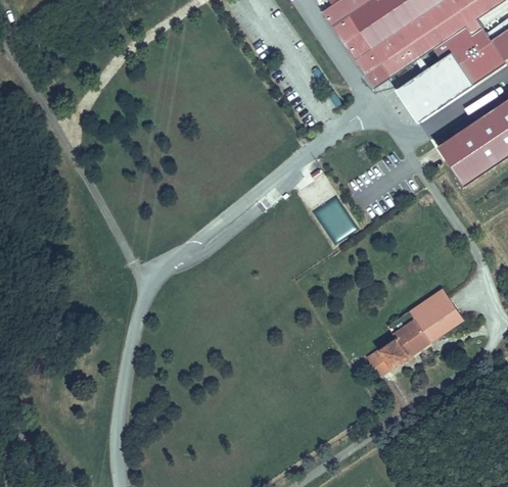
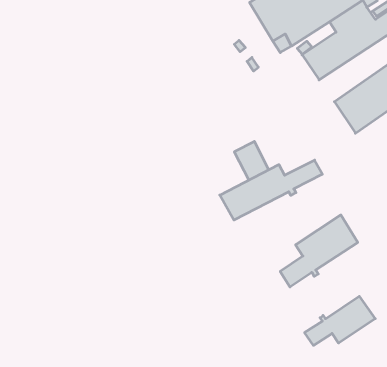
building: none -> [220,160,322,220]
building: none -> [305,296,375,345]

